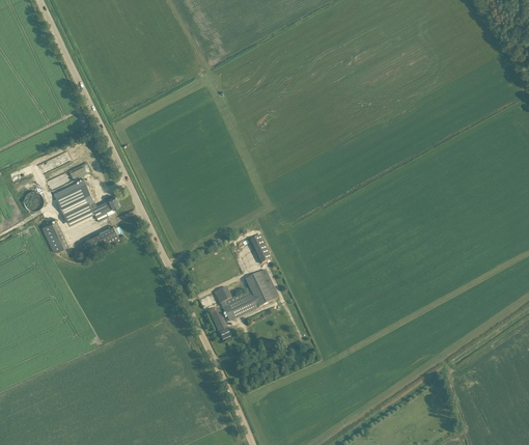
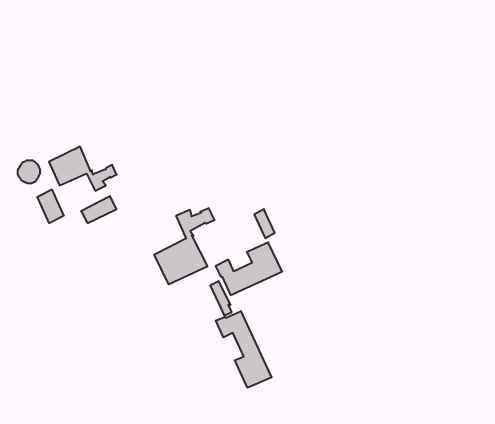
building: none -> [154,208,214,284]
building: none -> [216,311,272,388]

